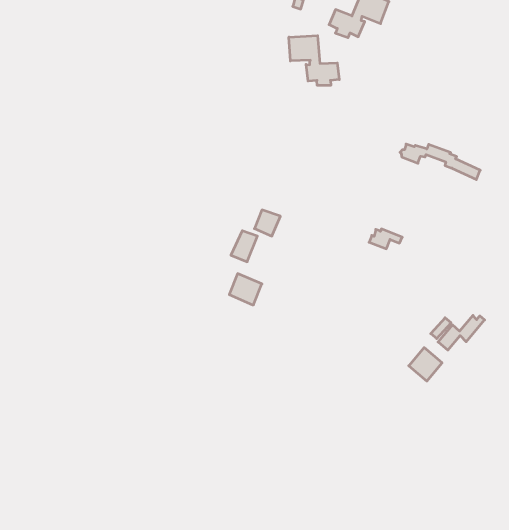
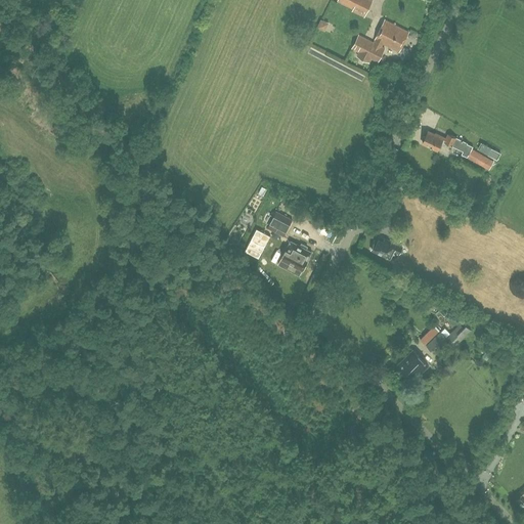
building: [289,36,339,85] -> none
building: [400,144,480,180] -> [421,132,492,170]
building: [229,274,262,305] -> [280,241,311,270]

